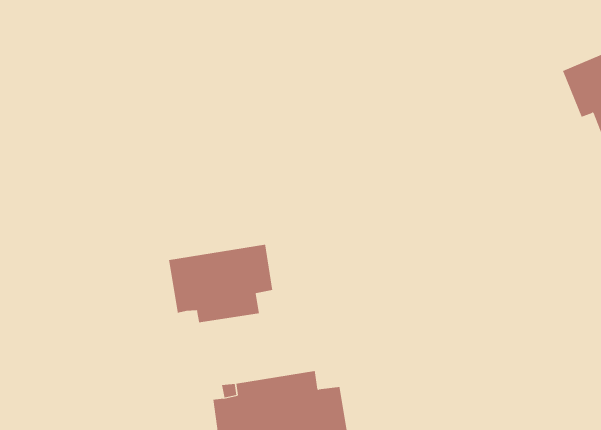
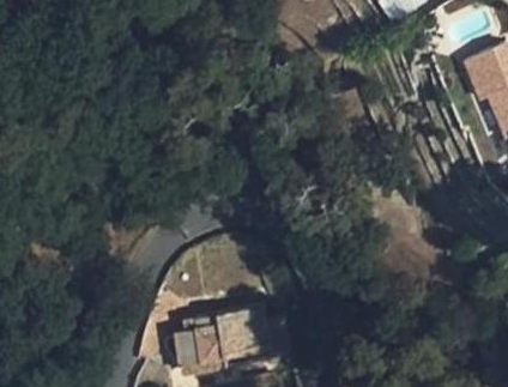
building: [168,244,273,323] -> none

